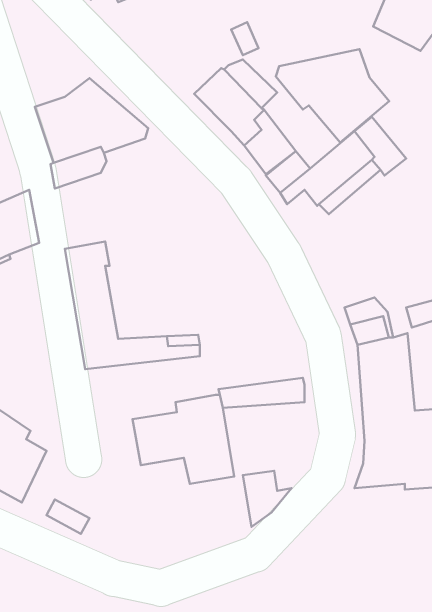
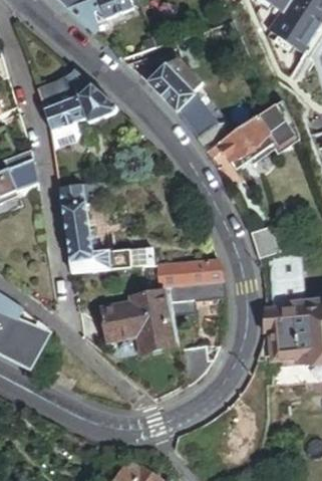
building: [276,49,389,143] -> none
building: none -> [158,258,223,288]

